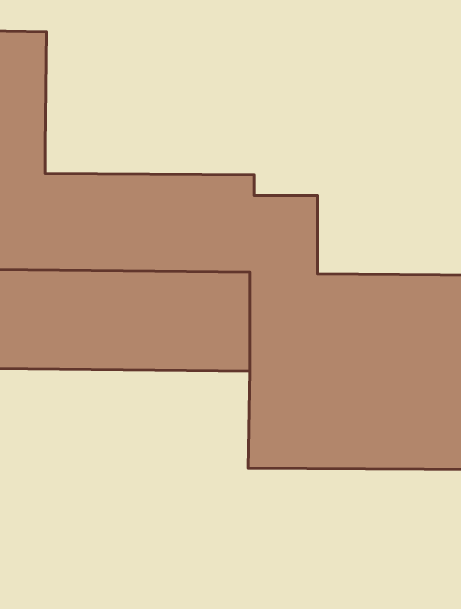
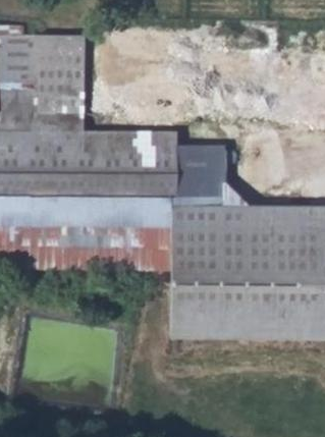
building: none -> [33,35,86,114]

